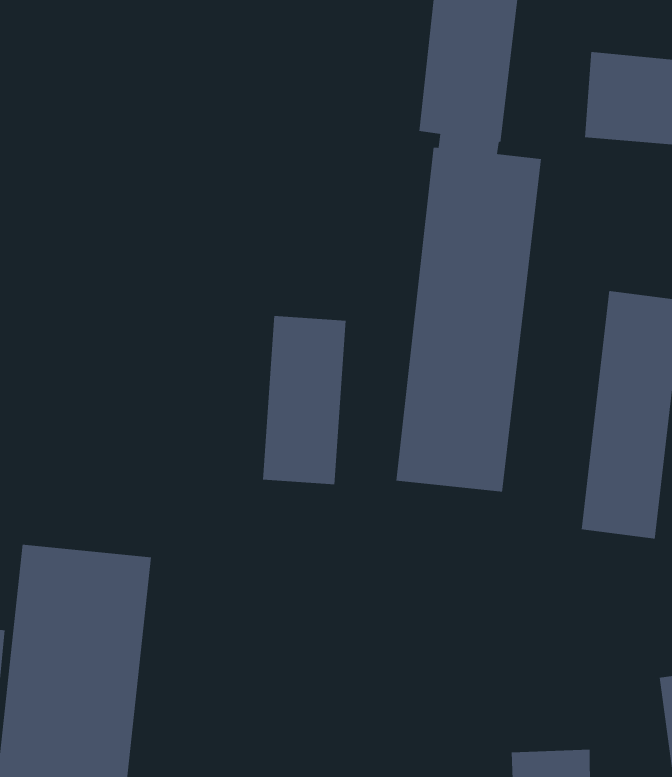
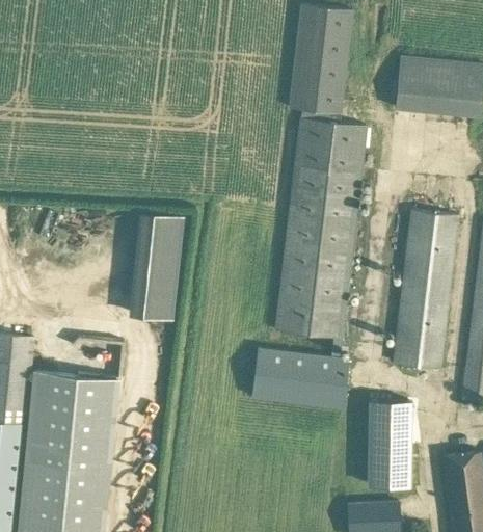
building: [262,316,347,485] -> [128,211,182,319]
building: none -> [251,348,350,409]
building: none -> [369,401,412,485]

